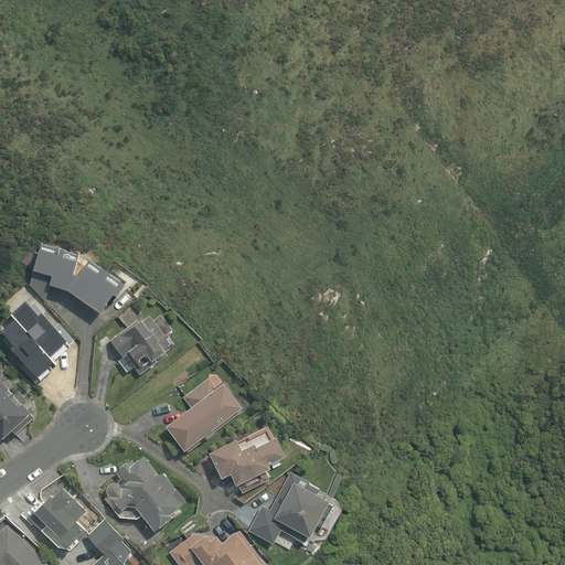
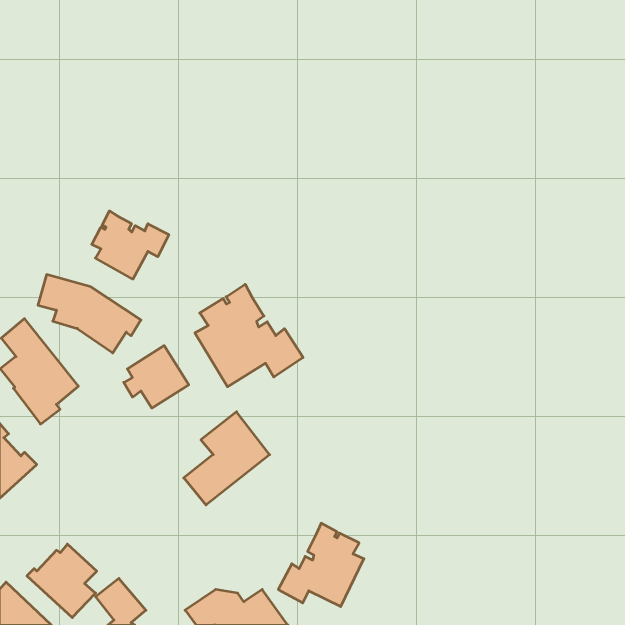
building: none -> [92,211,169,279]
building: none -> [195,284,303,387]
building: [207,427,284,497] -> none
building: [104,457,186,534] -> none

